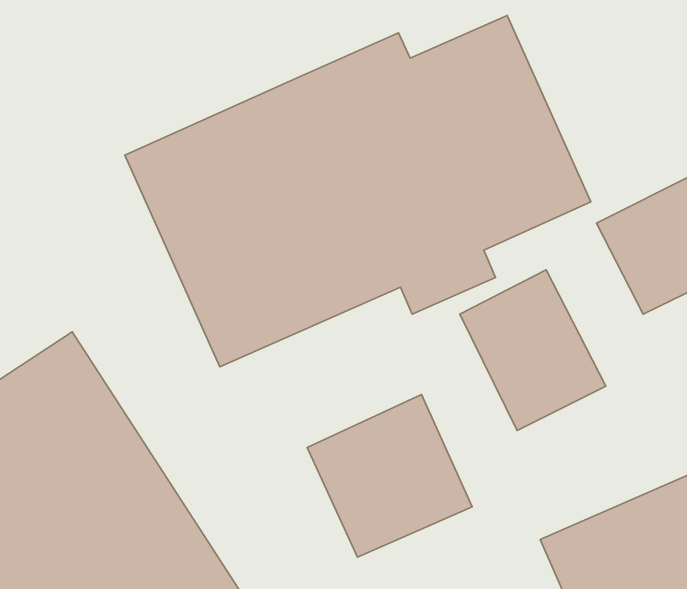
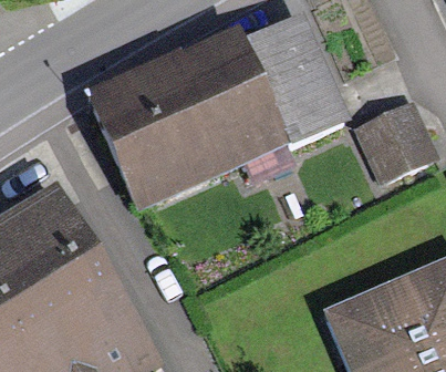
building: [460,270,606,430] -> none
building: [307,394,472,557] -> none

